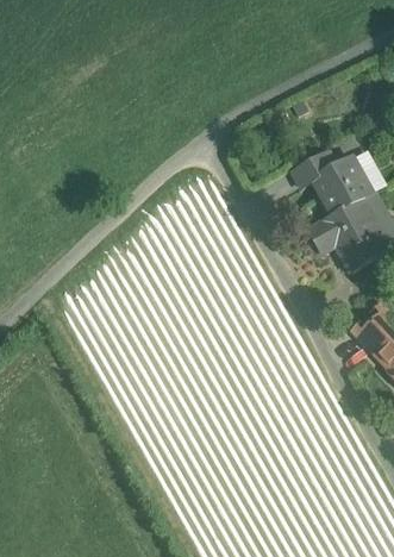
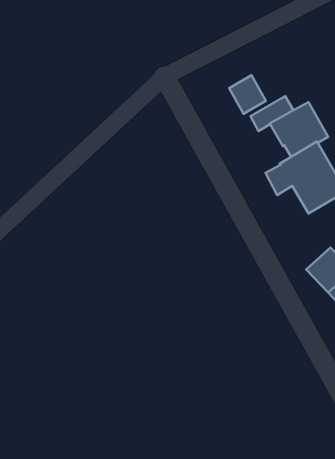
building: none -> [229,75,266,114]

